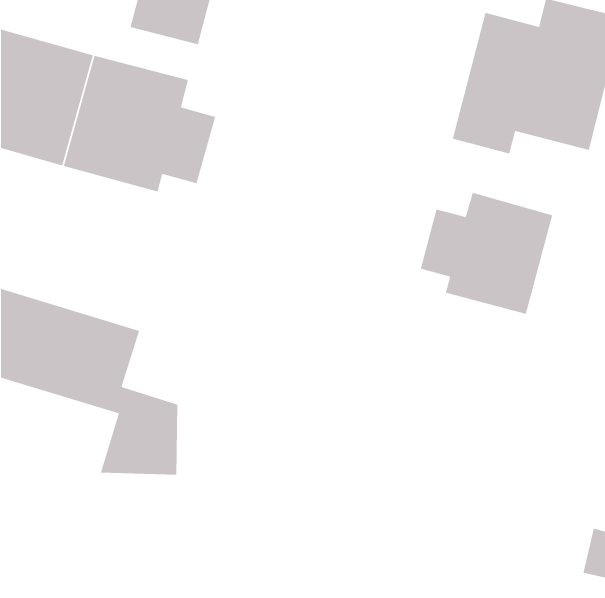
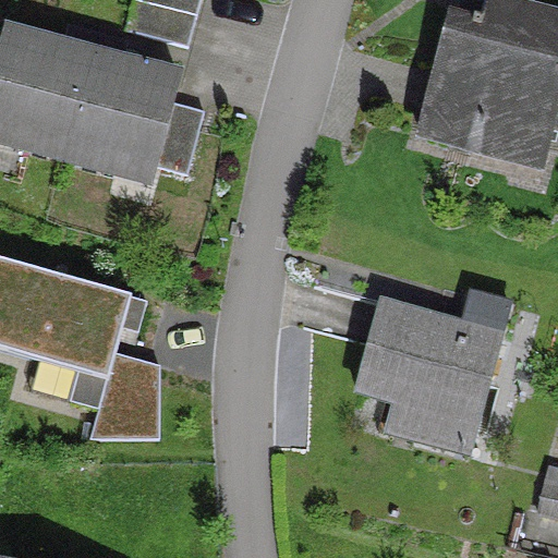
building: [420,192,553,315] -> none
building: none -> [354,298,497,448]

